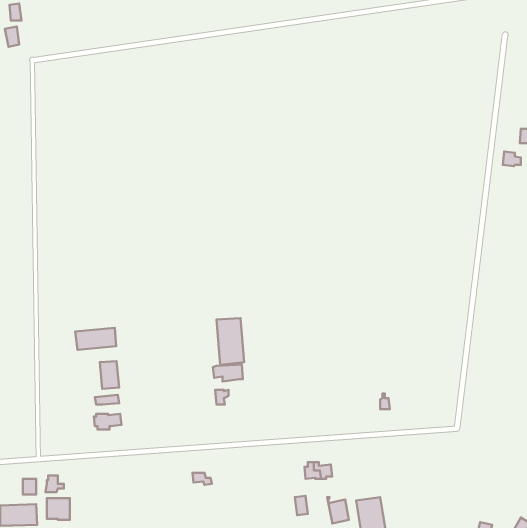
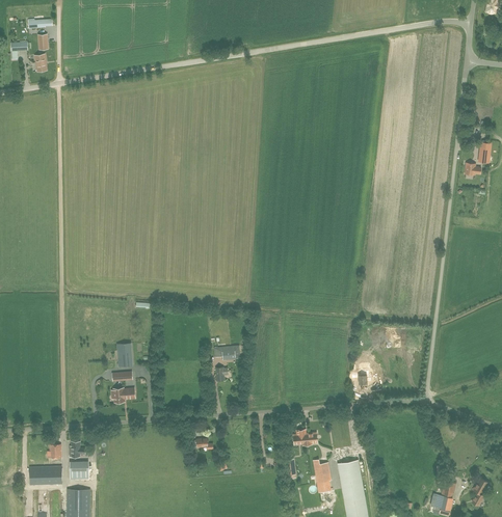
building: [216,318,244,365] -> none
building: [75,328,116,350] -> none

